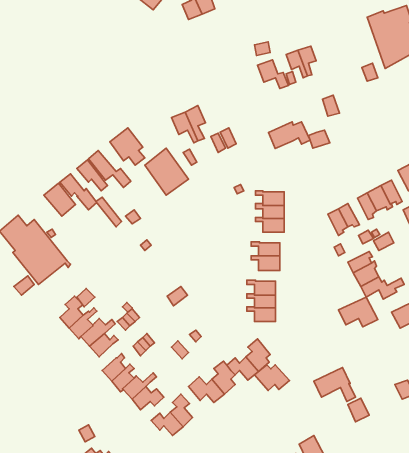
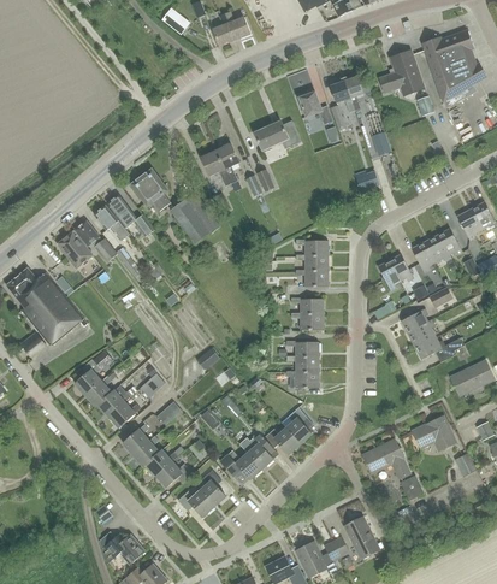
building: none -> [379,49,425,95]
building: [269,122,310,149] -> [255,120,302,151]
building: [338,297,378,327] -> [412,417,456,450]
building: [255,365,290,391] -> none

